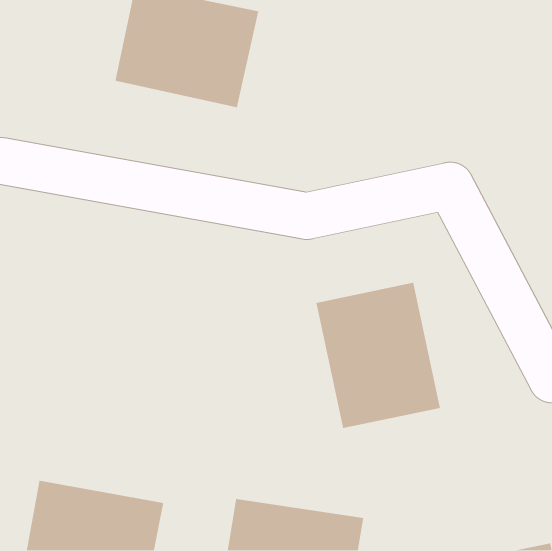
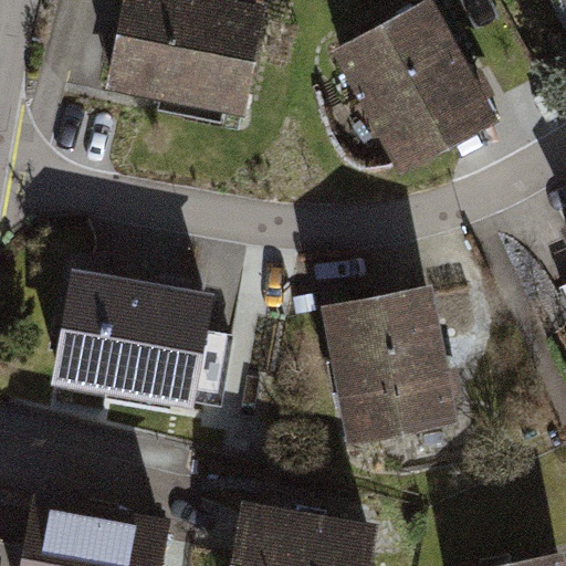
building: none -> [336,9,481,159]
building: none -> [57,276,201,409]

